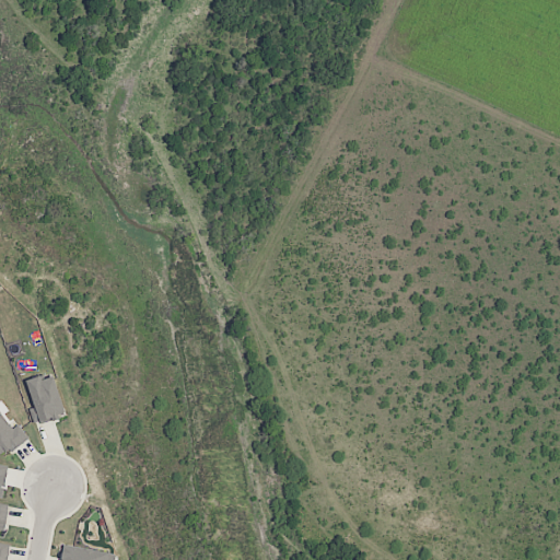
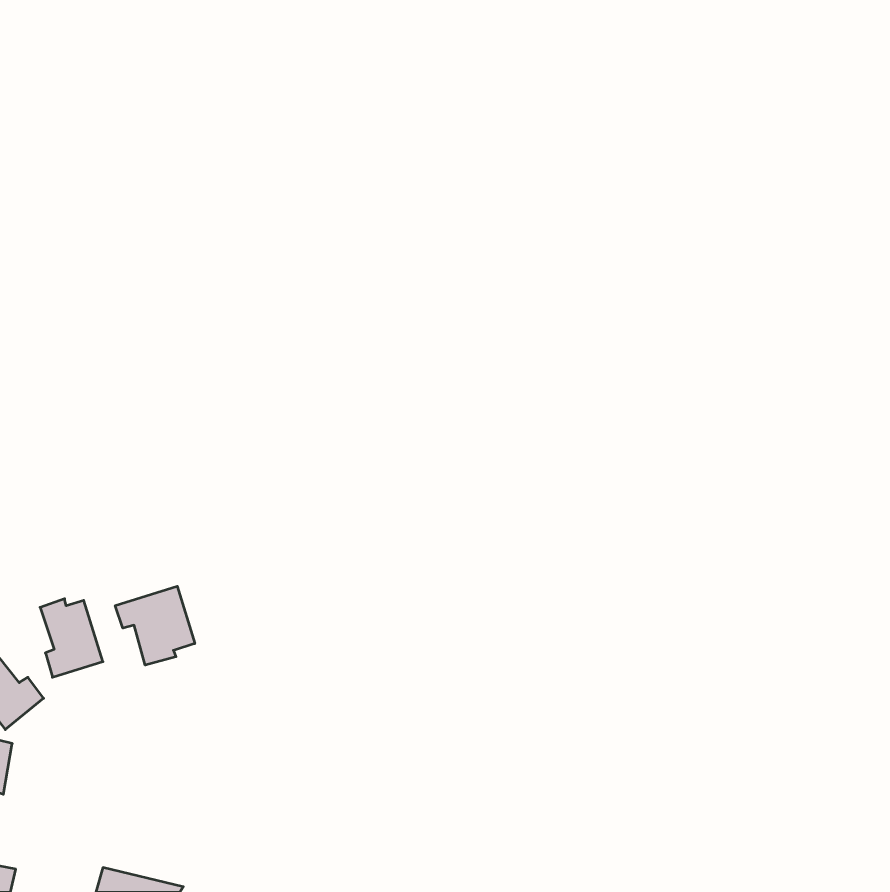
building: none -> [115,586,195,665]

